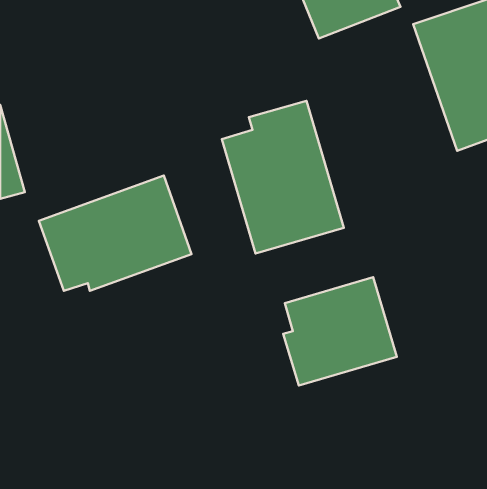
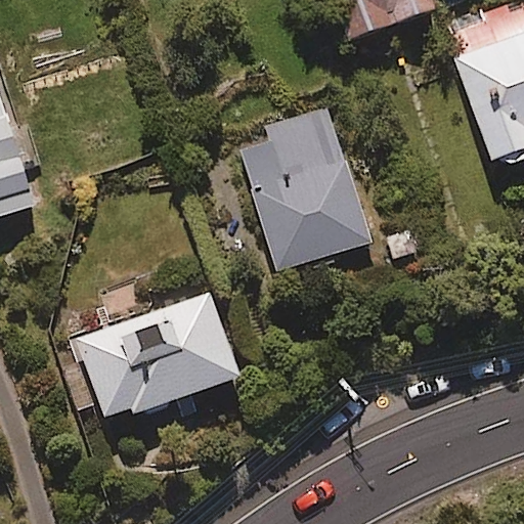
building: [39,176,192,291] -> [76,292,238,414]
building: [283,277,397,386] -> none

